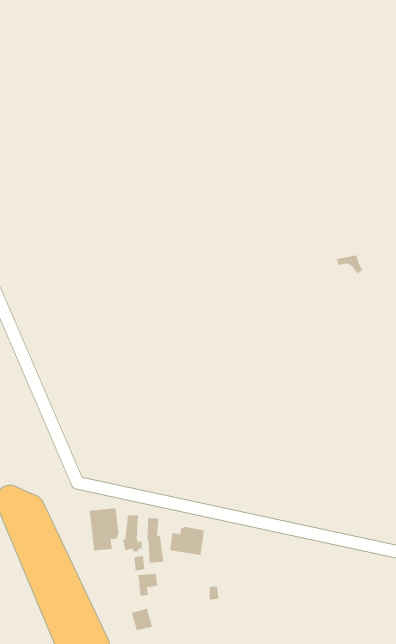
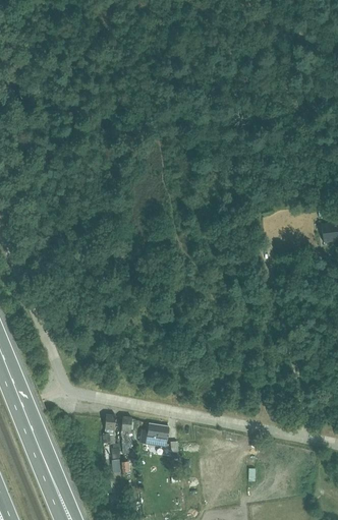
building: [89,508,119,551] -> none

